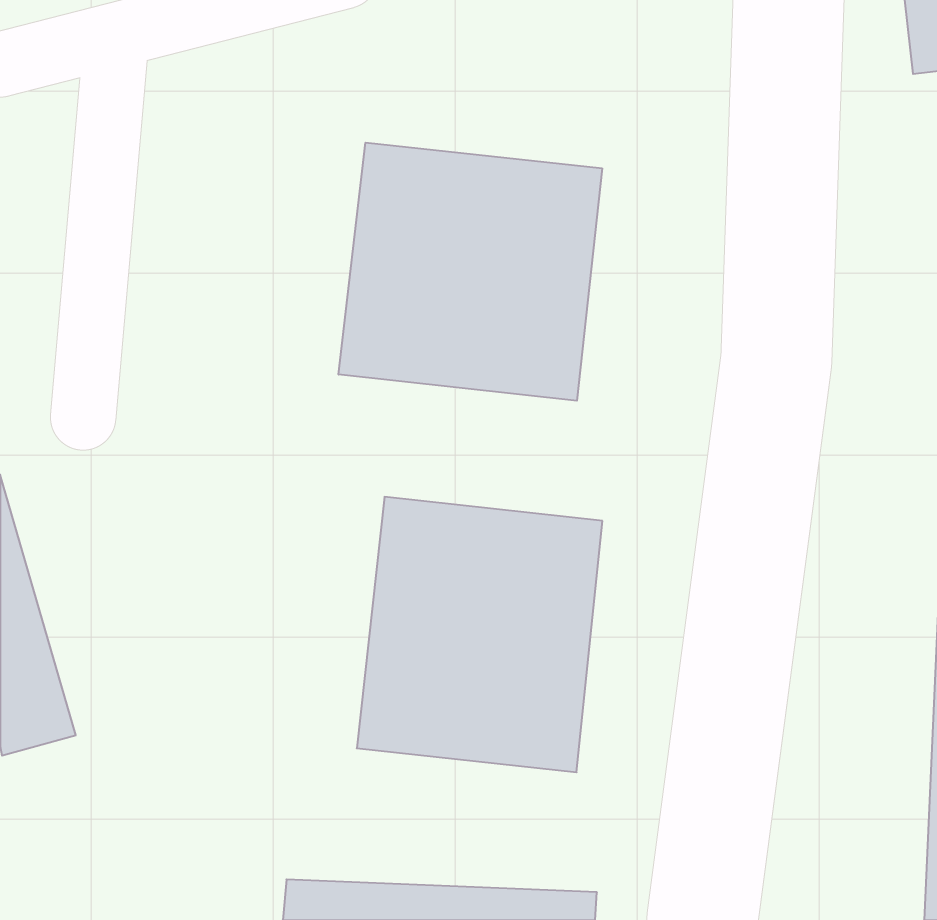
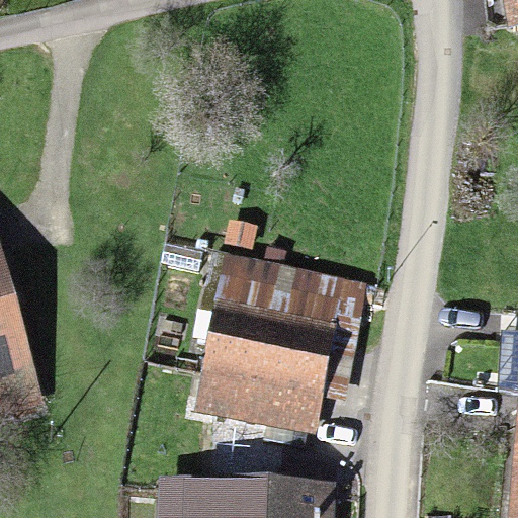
building: [339,143,602,401] -> none

